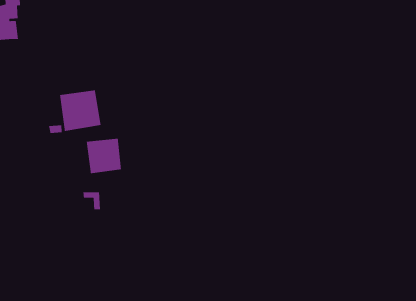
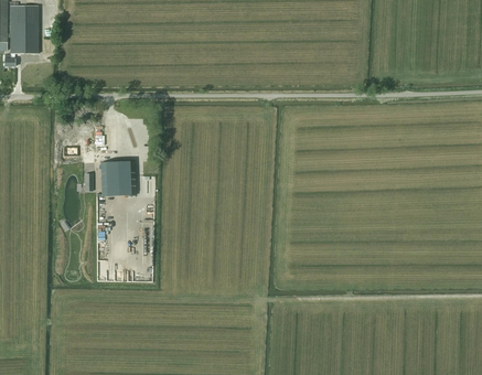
building: [59,90,102,132] -> none

